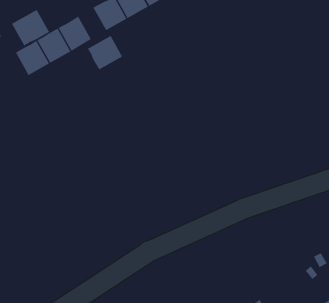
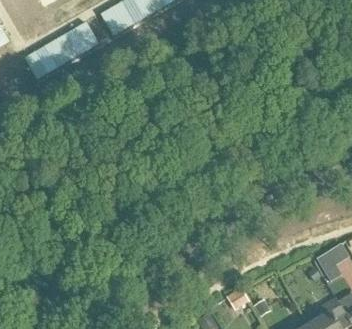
building: [11,9,50,47] -> none
building: [87,35,123,70] -> none

